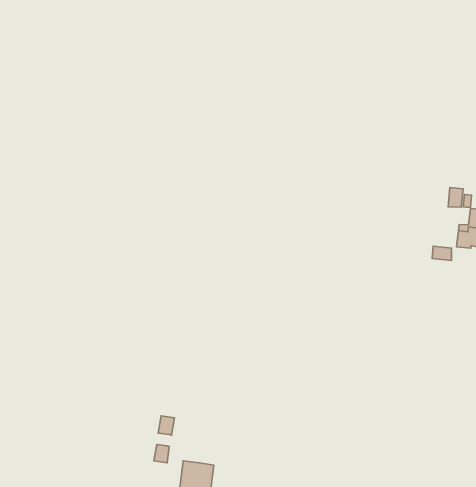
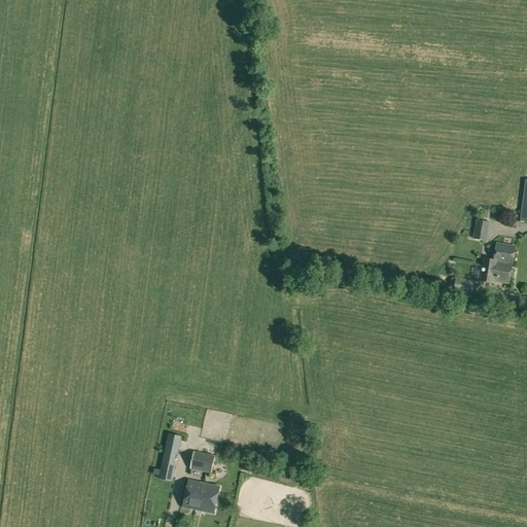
building: none -> [190,450,215,472]

